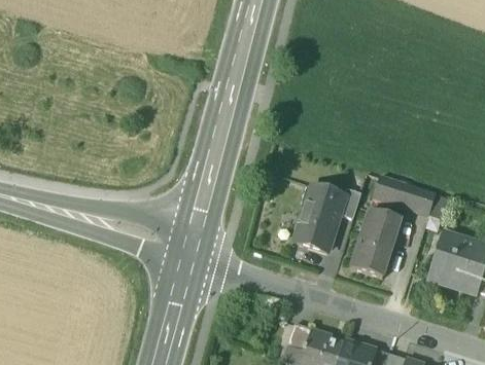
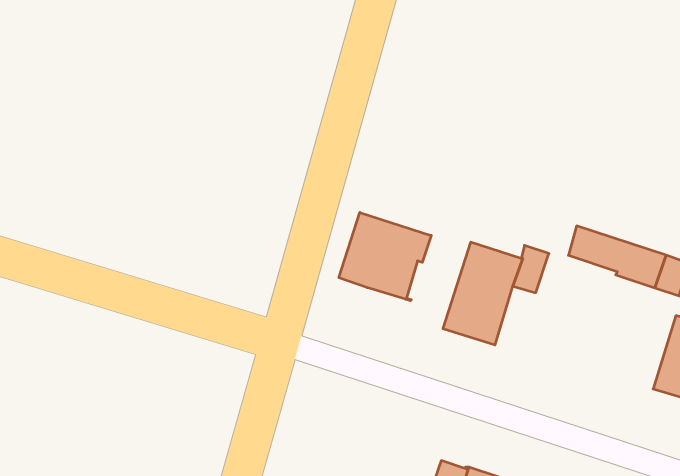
building: none -> [339,212,431,301]
building: [350,209,401,278] -> none

